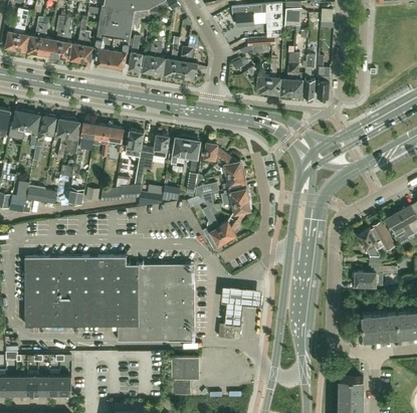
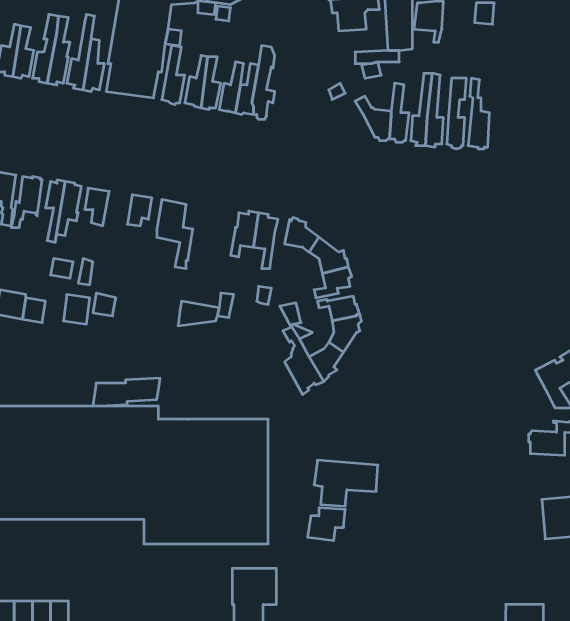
building: [92,126,111,159] -> none
building: [145,136,169,169] -> none
building: [100,186,142,203] -> [93,378,160,406]

